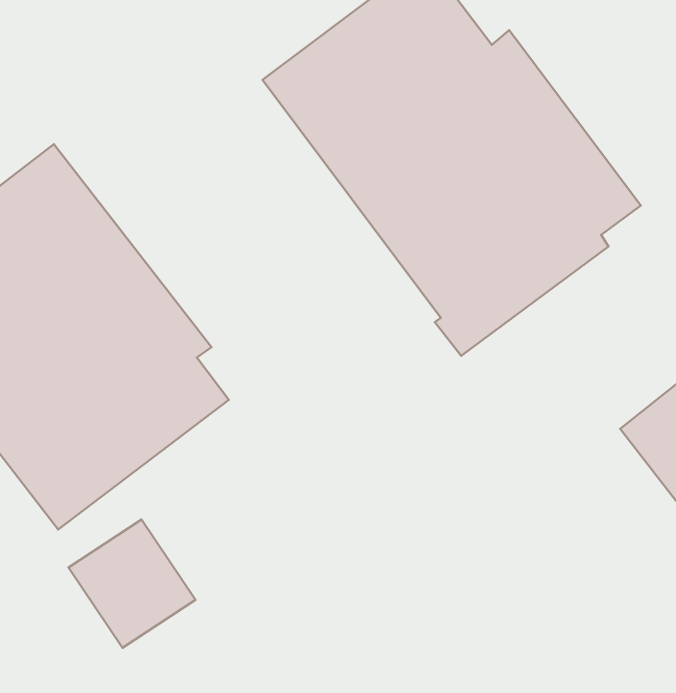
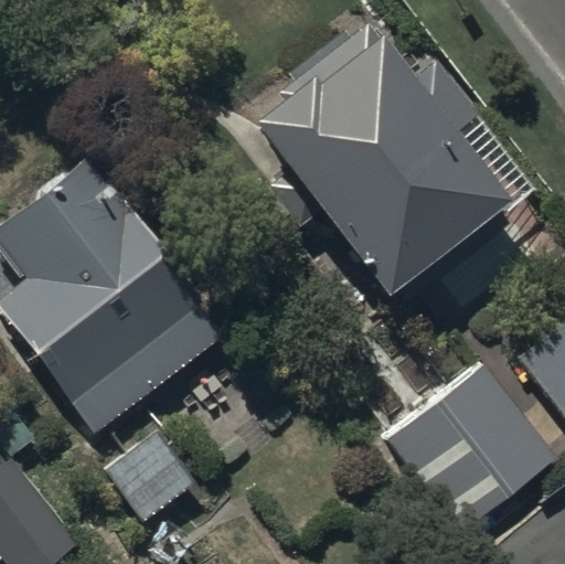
building: none -> [391,362,554,526]

